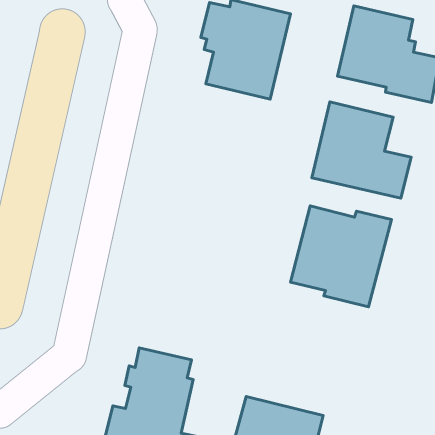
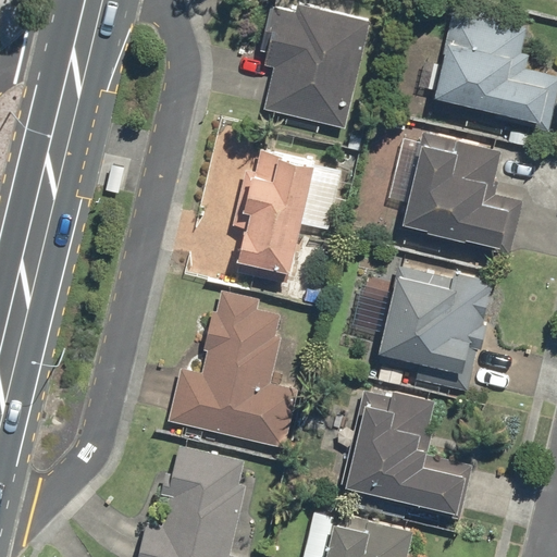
building: none -> [232,149,315,284]
building: none -> [168,288,305,451]
building: none -> [339,382,475,521]

